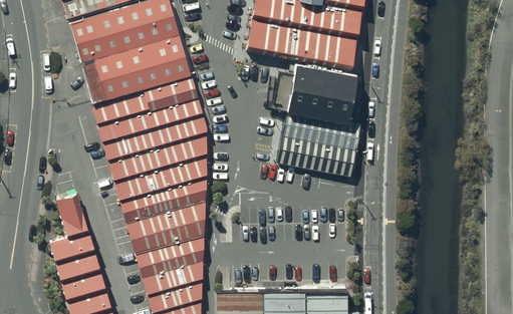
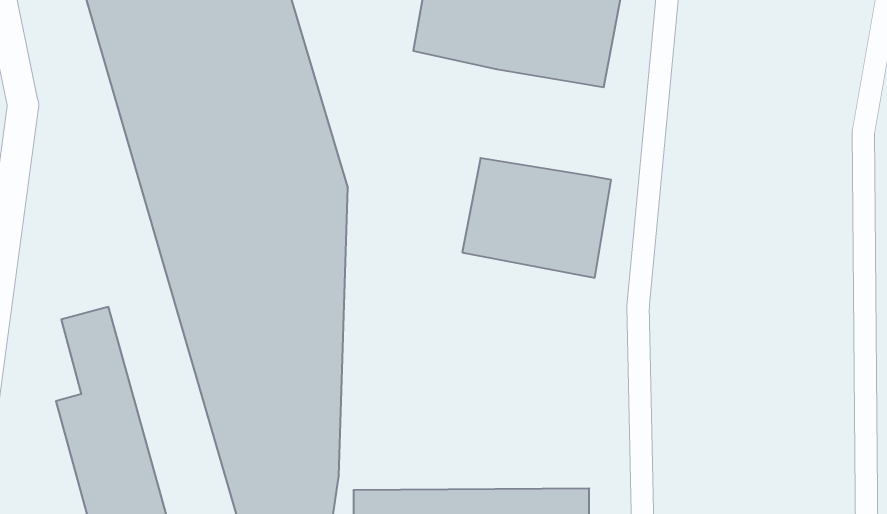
building: [284,60,352,119] -> none

